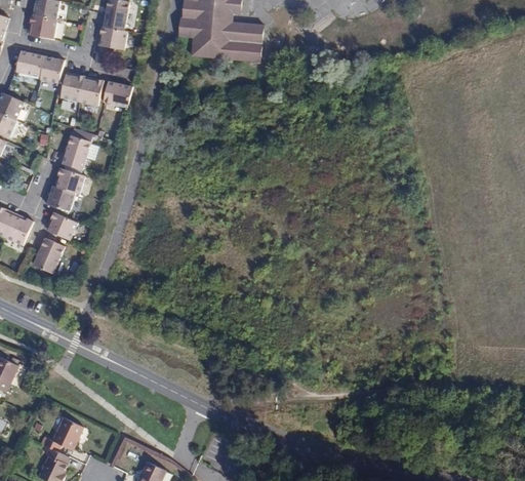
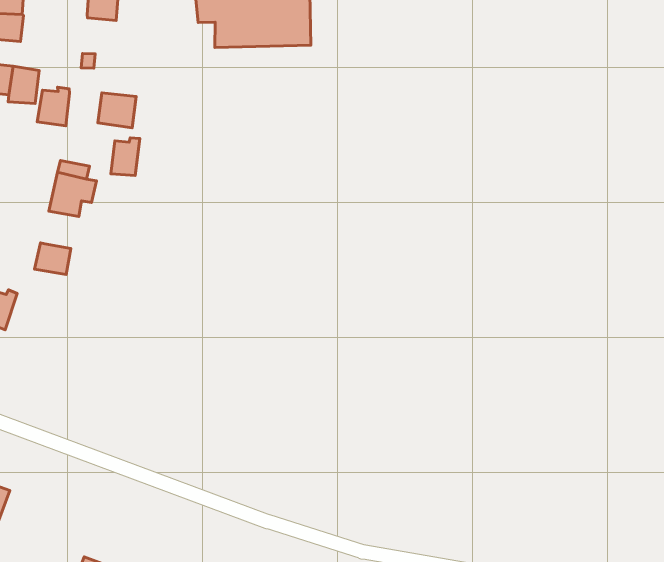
building: [99,26,126,49] -> none
building: [79,78,103,106] -> [111,138,140,176]
building: [55,167,84,194] -> none
building: [48,211,77,239] -> none
building: [32,239,64,274] -> none

